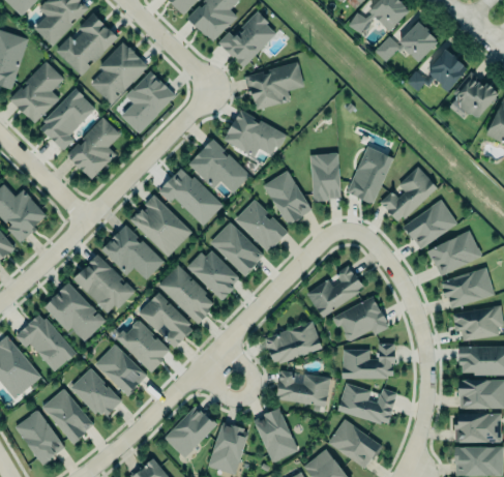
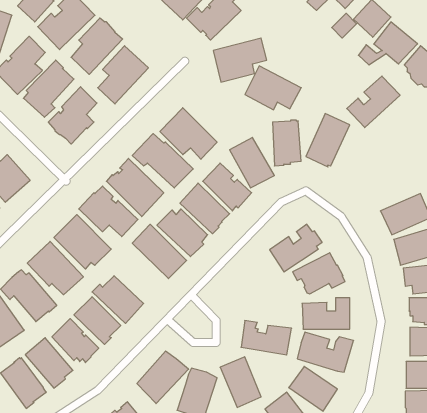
building: [225,111,286,158] -> [245,66,301,110]
building: [380,168,438,223] -> [347,76,400,128]
building: [404,201,457,250] -> none
building: [138,291,194,349] -> none
building: [265,320,322,363] -> none

